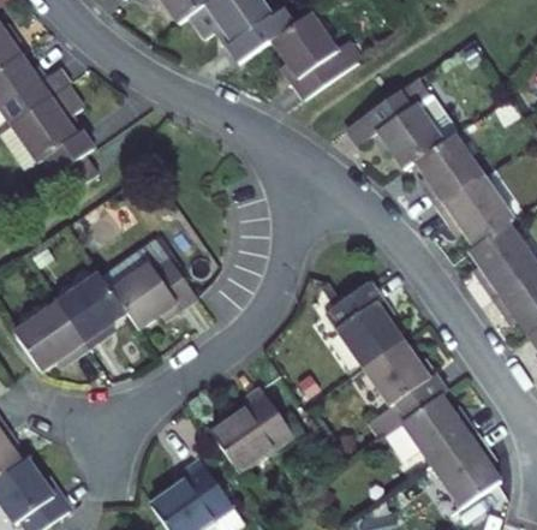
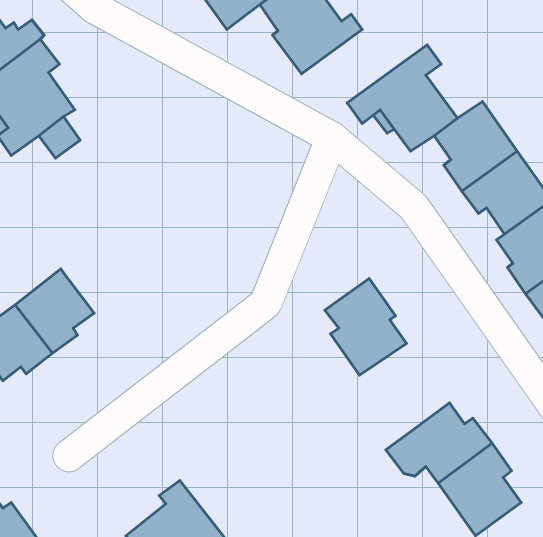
building: [95,239,191,330] -> none
building: [352,338,437,413] -> none
building: [209,383,292,470] -> none

